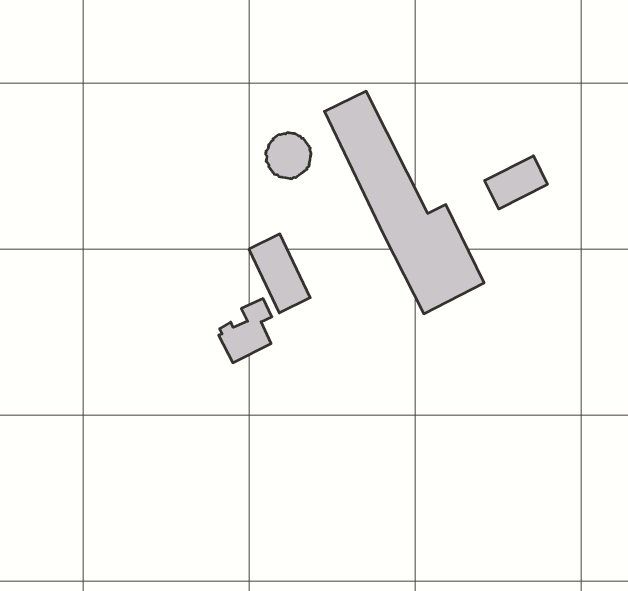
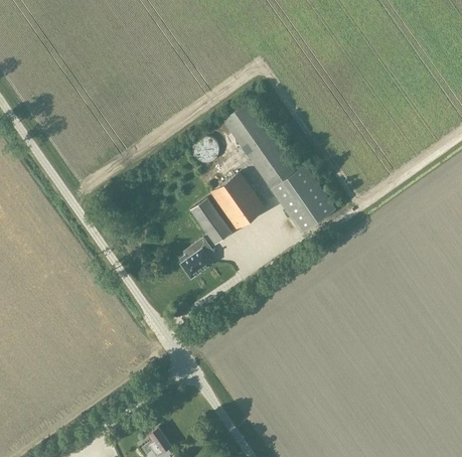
building: [485,156,547,209] -> none
building: none -> [211,172,266,228]

